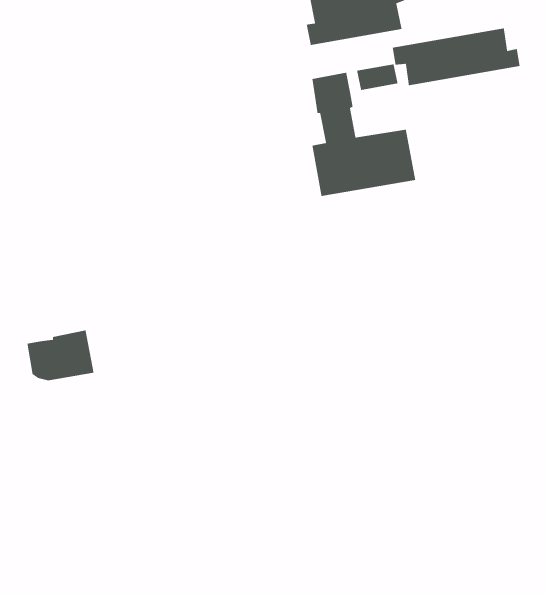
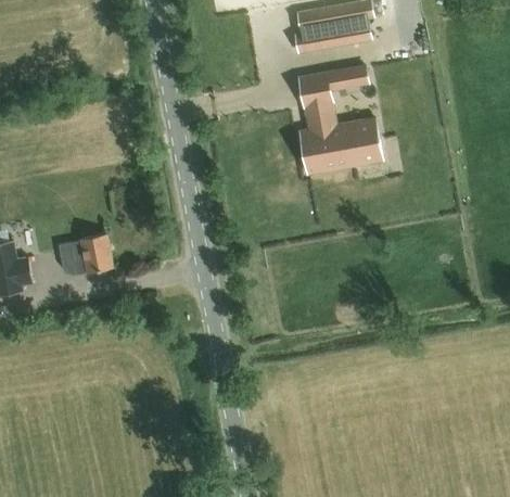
building: [392,27,521,86] -> none
building: [26,330,94,381] -> [59,233,113,275]

